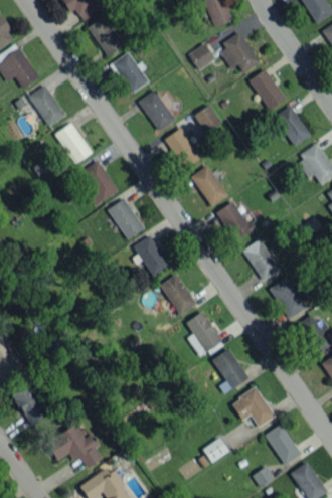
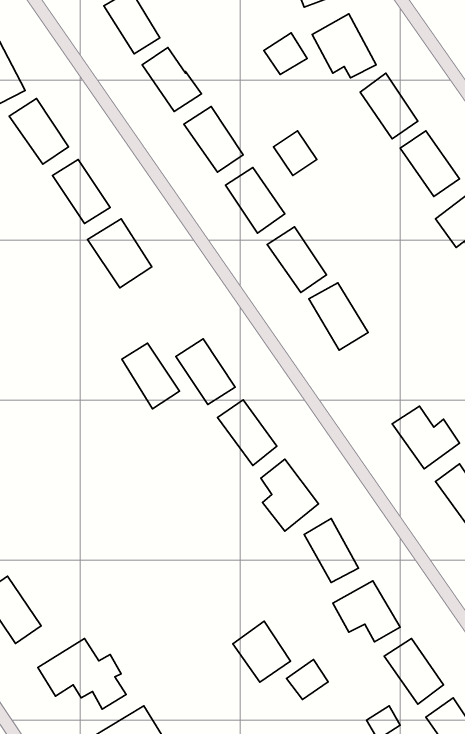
building: [108,198,144,239] -> [122,343,180,409]
building: [242,239,280,281] -> none
building: none -> [233,621,291,682]

